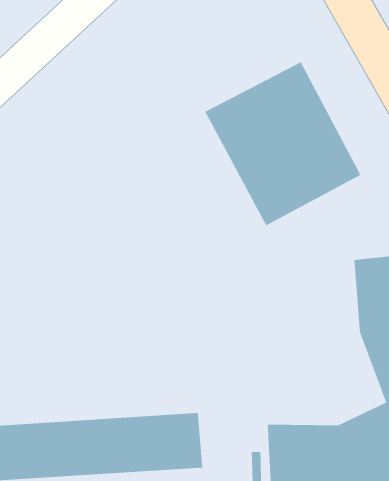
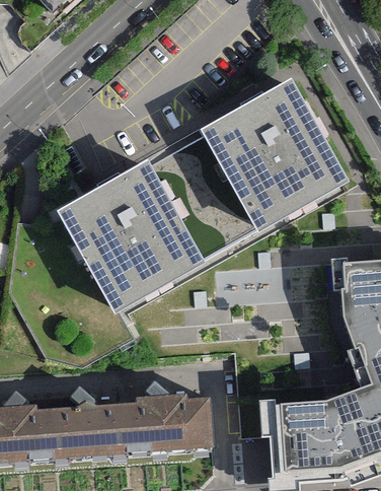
building: none -> [59,164,204,315]

